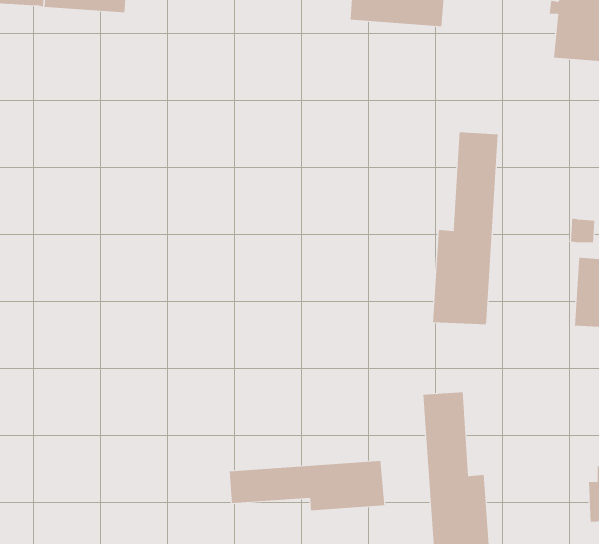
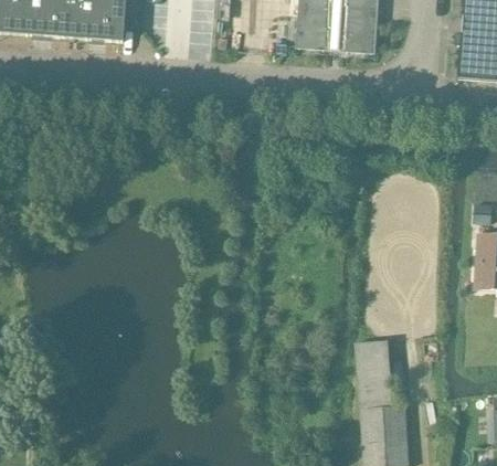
building: [433,132,498,325] -> none
building: [229,460,385,511] -> none

